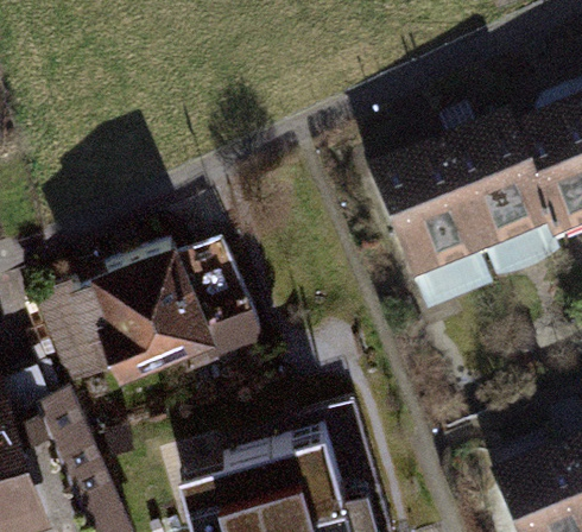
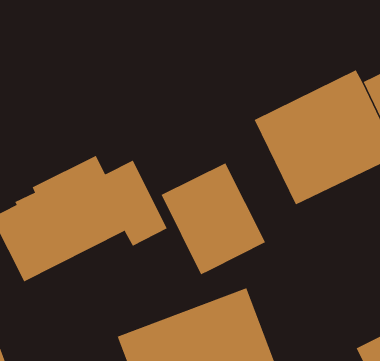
building: none -> [161,162,266,275]

